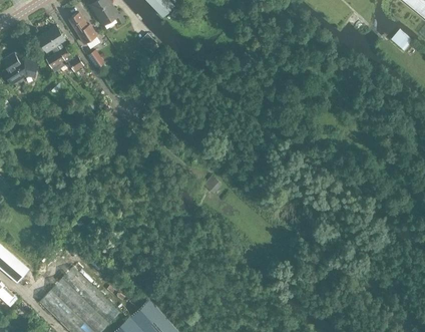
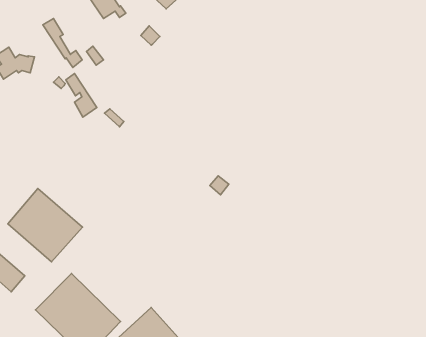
building: [68,12,96,43] -> none
building: [38,31,67,72] -> [66,73,97,117]
building: none -> [8,188,83,262]

